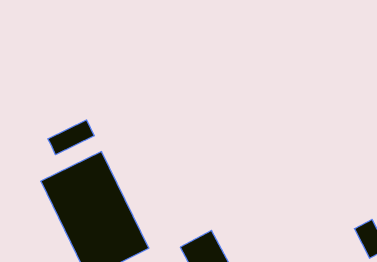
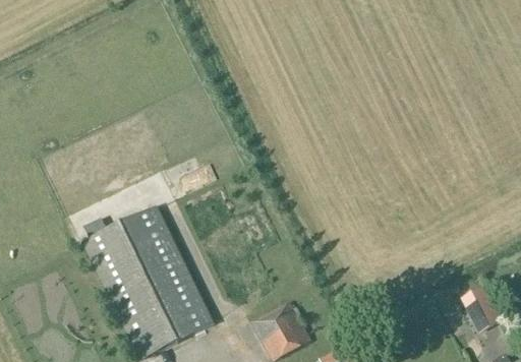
building: [48,120,94,155] -> none

